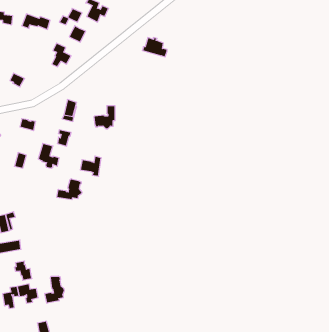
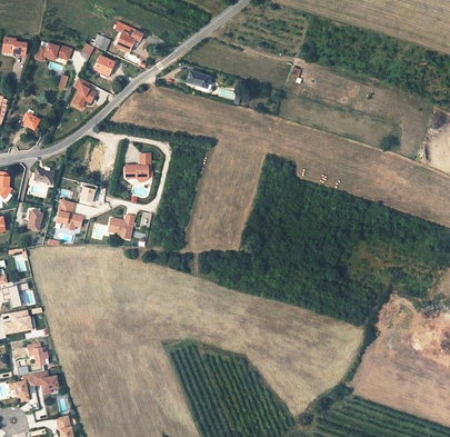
building: [57,179,82,200] -> none
building: [45,276,64,303] -> none

